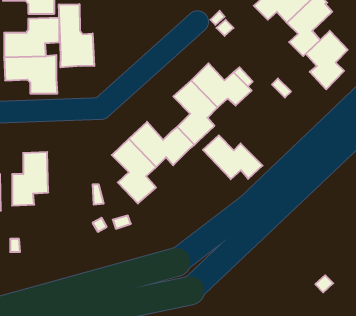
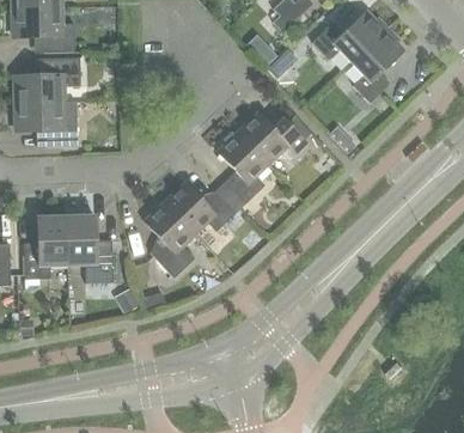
building: [59,4,94,67] -> none
building: [306,31,348,89] -> none
building: [203,135,263,179] -> none
building: none -> [66,214,114,282]

